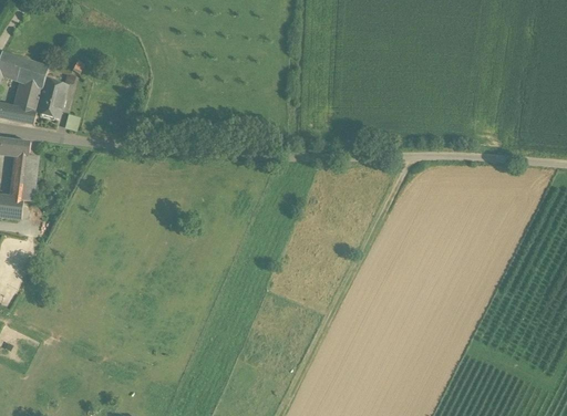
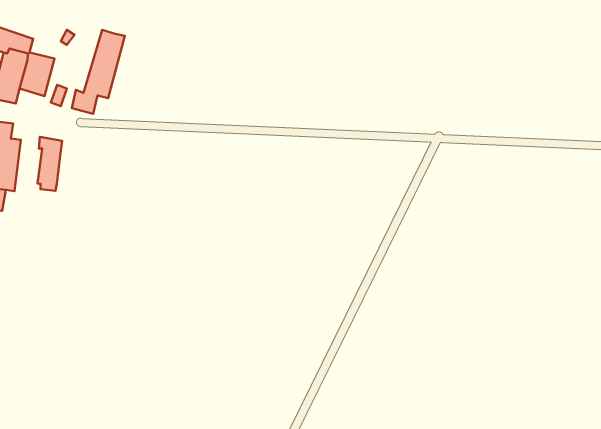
building: none -> [72,30,125,114]
building: none -> [37,137,62,191]

